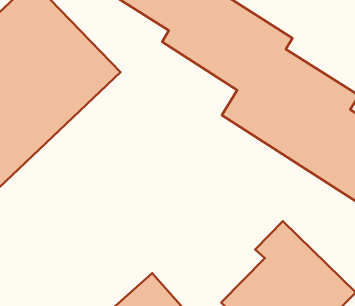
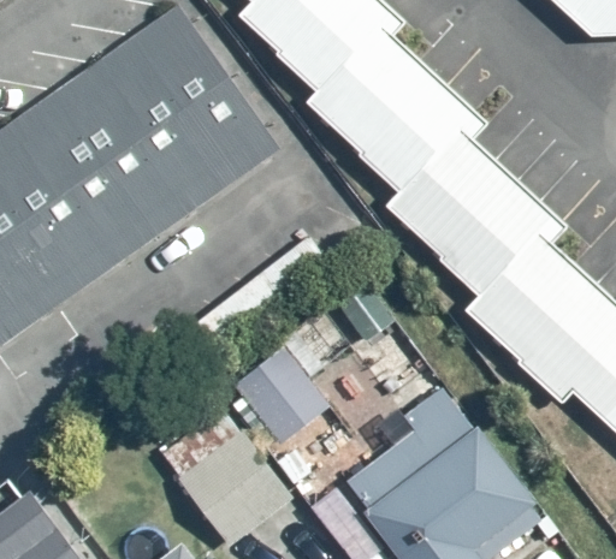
building: none -> [236,349,336,450]

